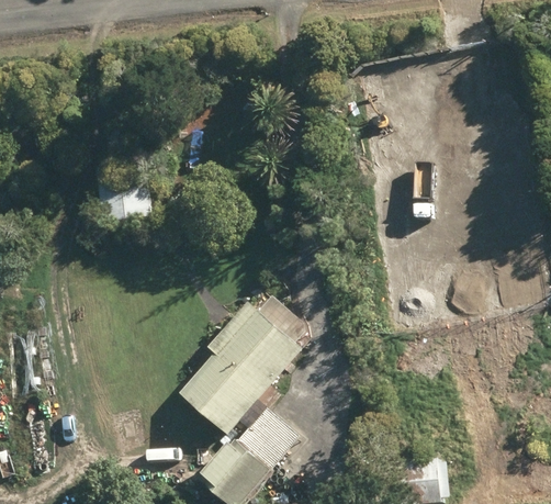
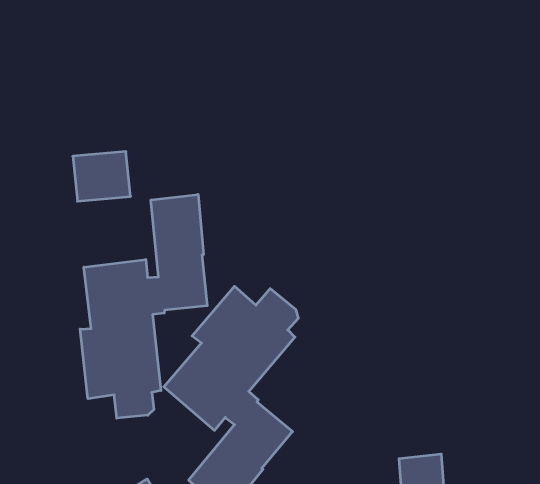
building: none -> [80,194,207,418]

